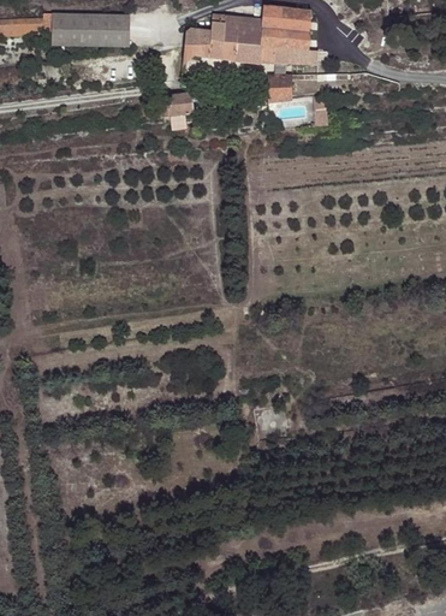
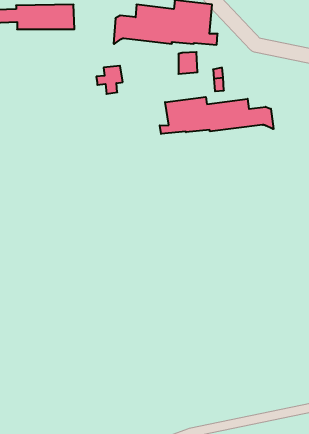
building: none -> [160,97,274,134]

